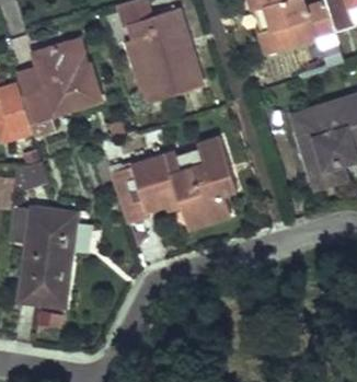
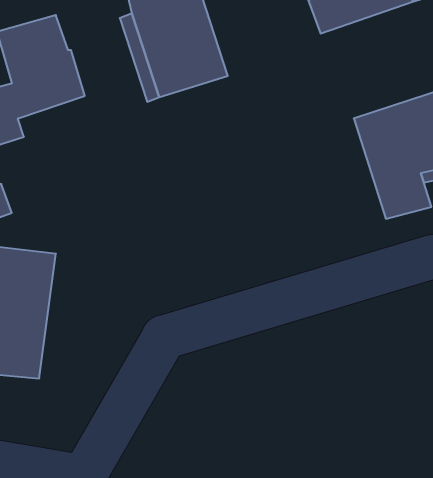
building: [110,138,238,225] -> none

